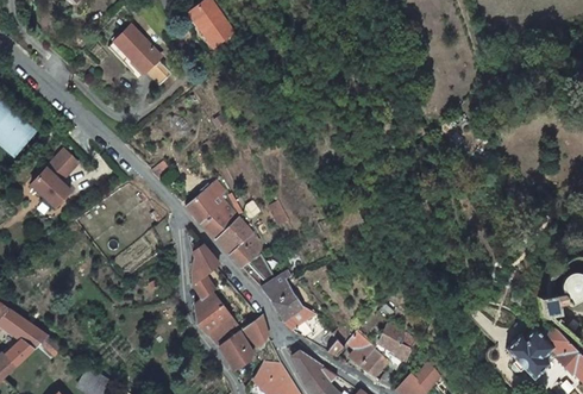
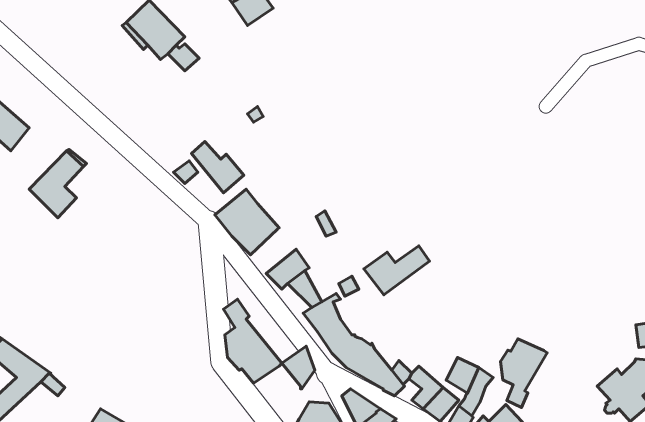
building: none -> [191,142,244,193]
building: [215,217,253,254] -> none
building: none -> [364,246,429,295]
building: [192,245,219,283] -> none
building: none -> [501,339,547,408]
building: [218,331,253,370] -> none

